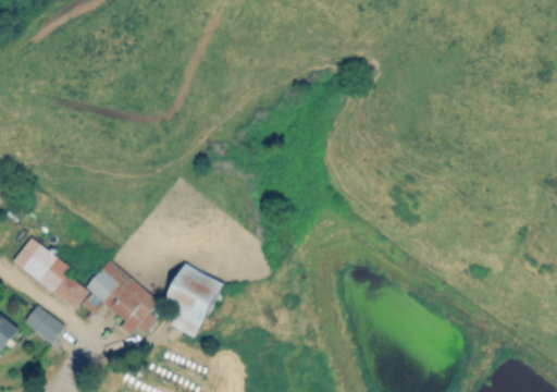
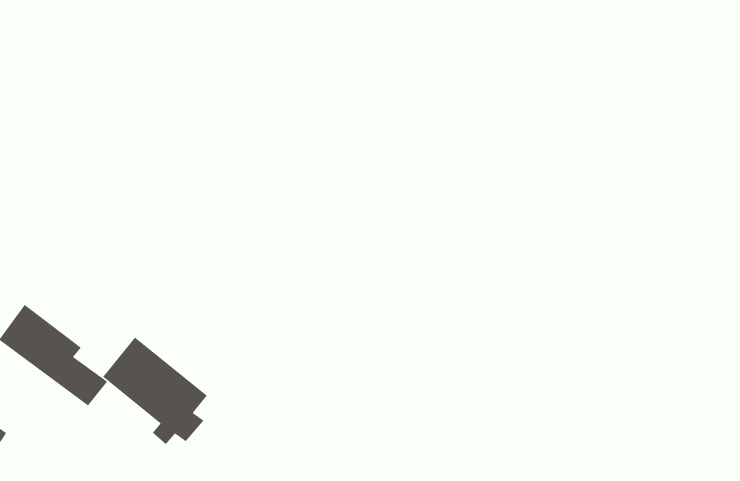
building: [164,262,223,338] -> none
building: [23,305,64,343] -> none

